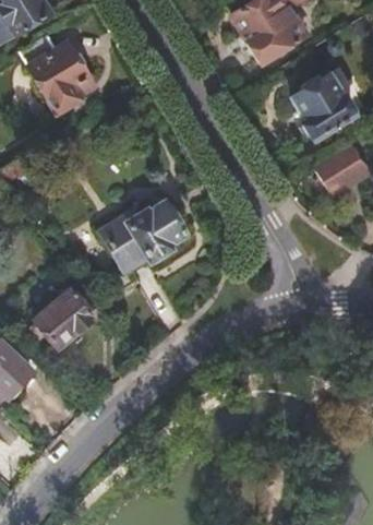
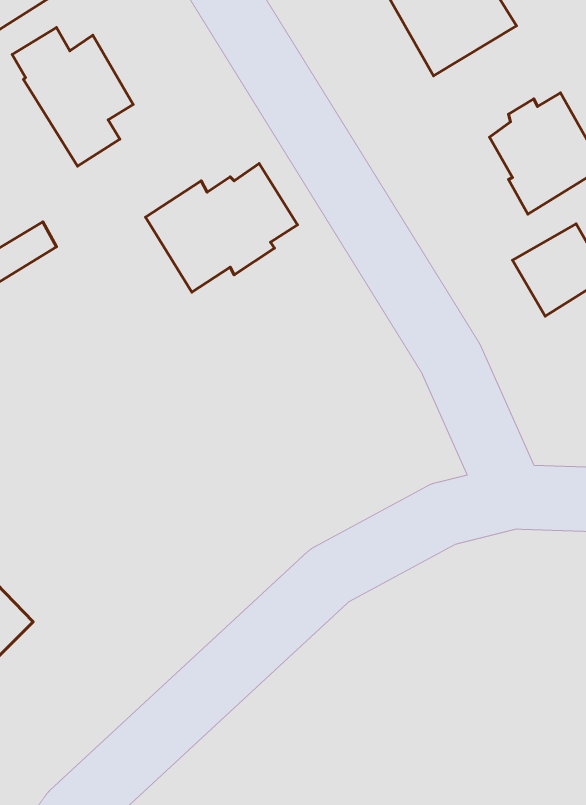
building: [100,201,186,274] -> [145,163,298,292]
building: [36,279,105,347] -> none

